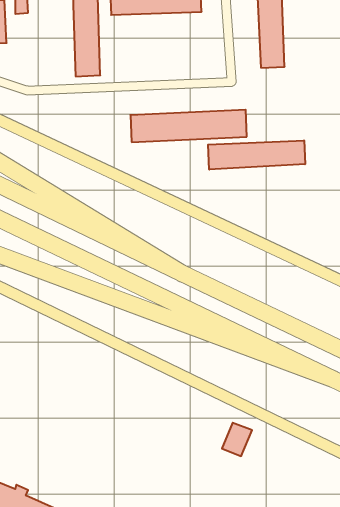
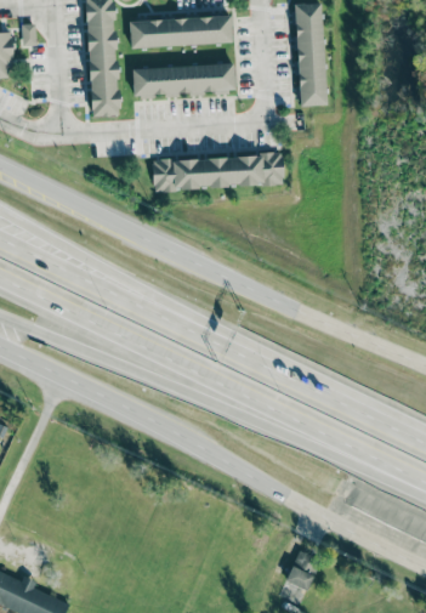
building: none -> [134,64,235,96]
building: [208,140,305,170] -> none
building: [222,423,252,456] -> [286,554,320,591]

